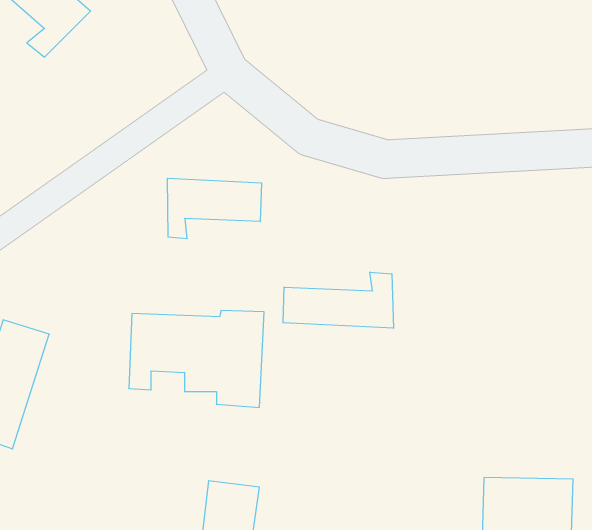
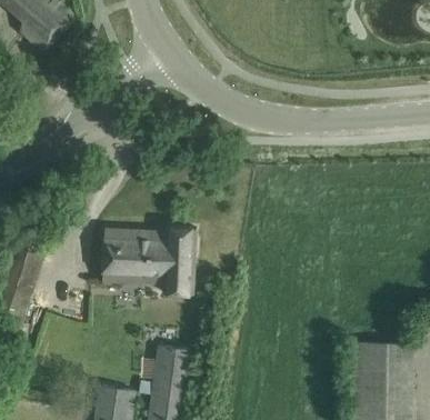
building: [168,178,262,239] -> none
building: [283,272,393,328] -> none

